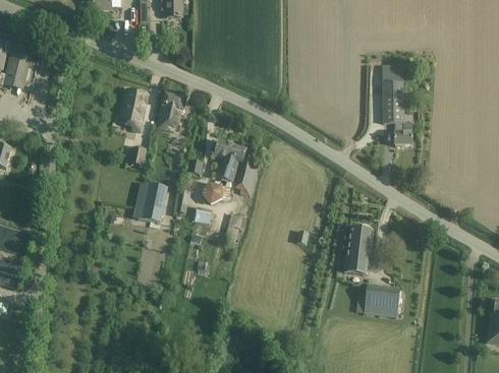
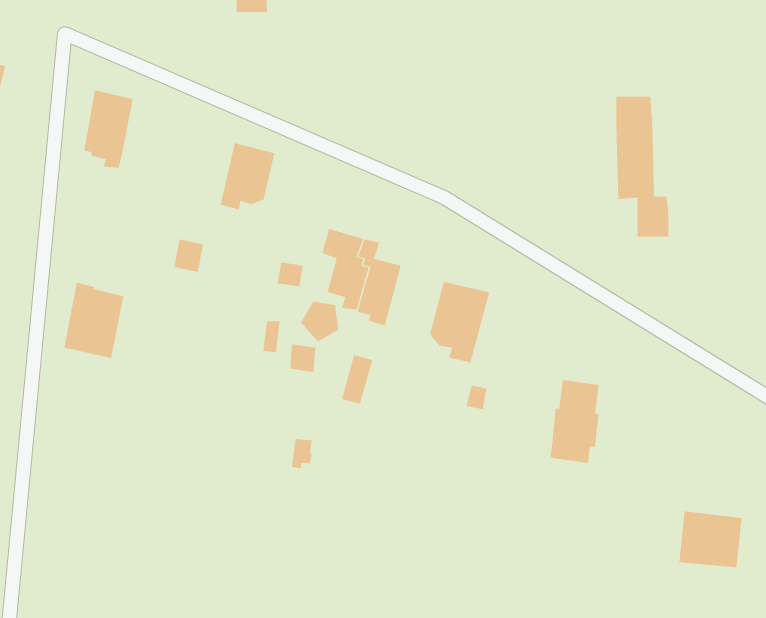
building: [119,87,148,132] -> [83,90,133,168]
building: none -> [430,281,490,363]
building: [132,180,167,224] -> [64,282,124,358]
building: [363,284,399,316] -> [678,511,743,568]

